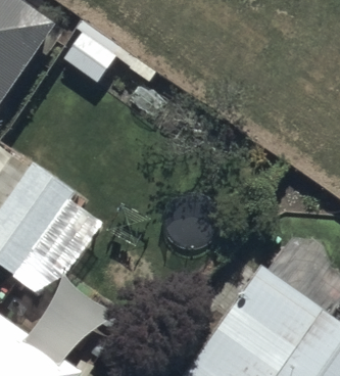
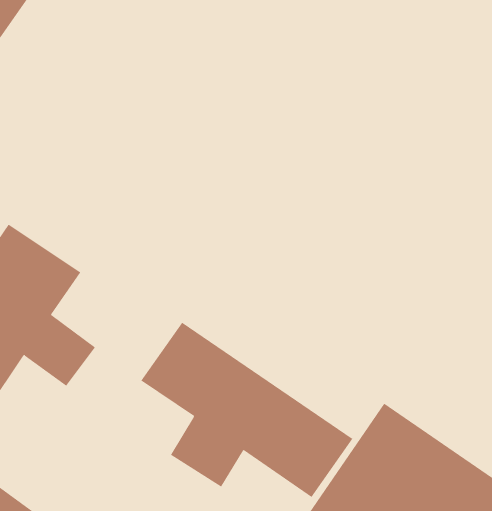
building: none -> [141,322,353,498]

